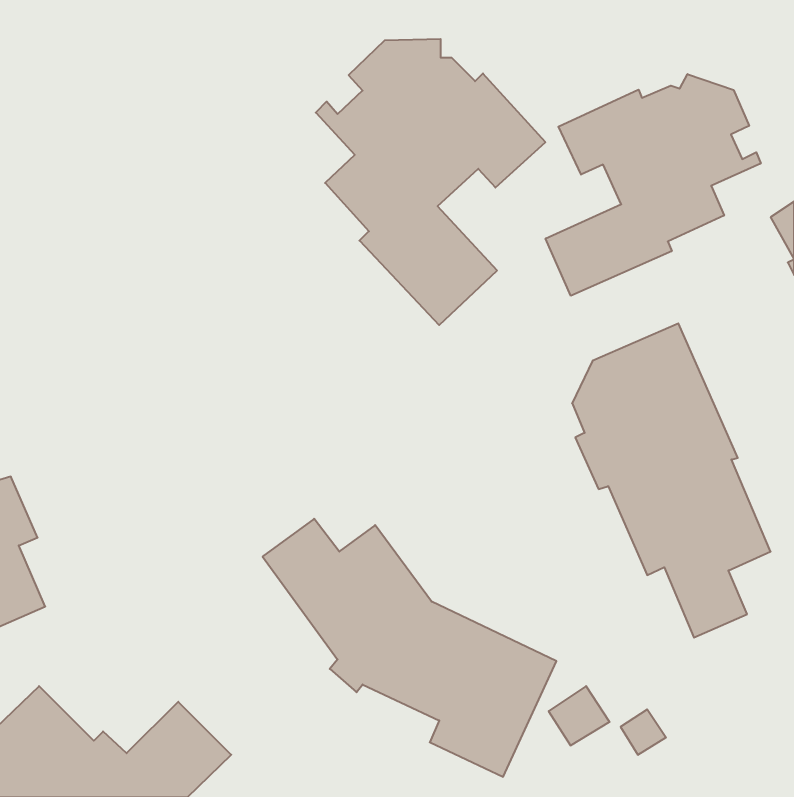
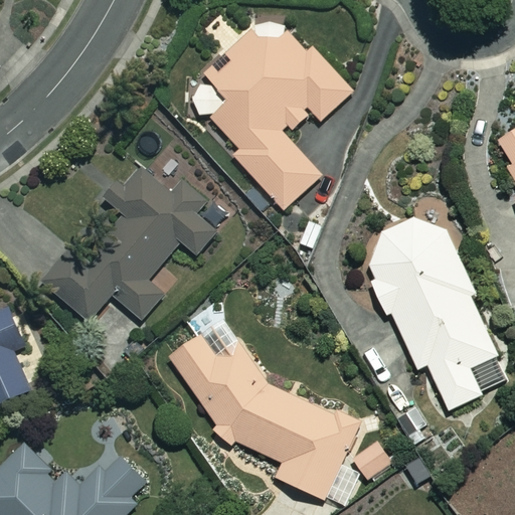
building: [546,74,761,296] -> none
building: none -> [45,165,234,326]

